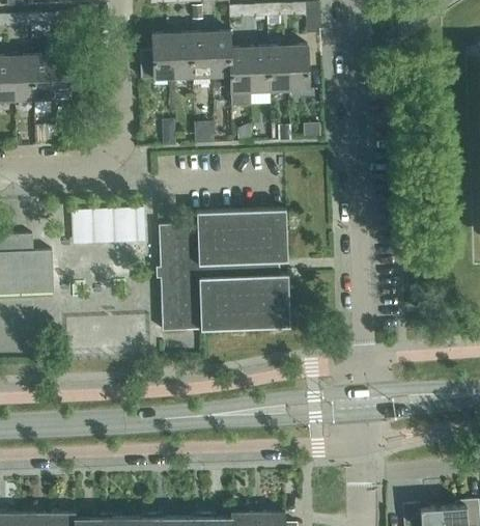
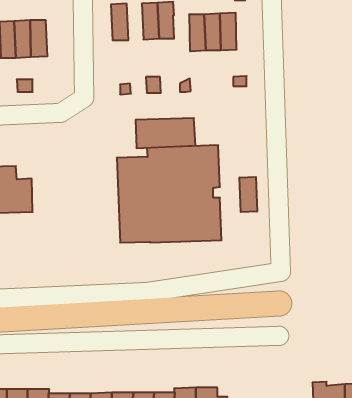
building: [171,33,192,79] -> none
building: [229,47,251,107] -> none
building: [68,206,143,244] -> [136,118,196,148]
building: none -> [240,177,257,212]

